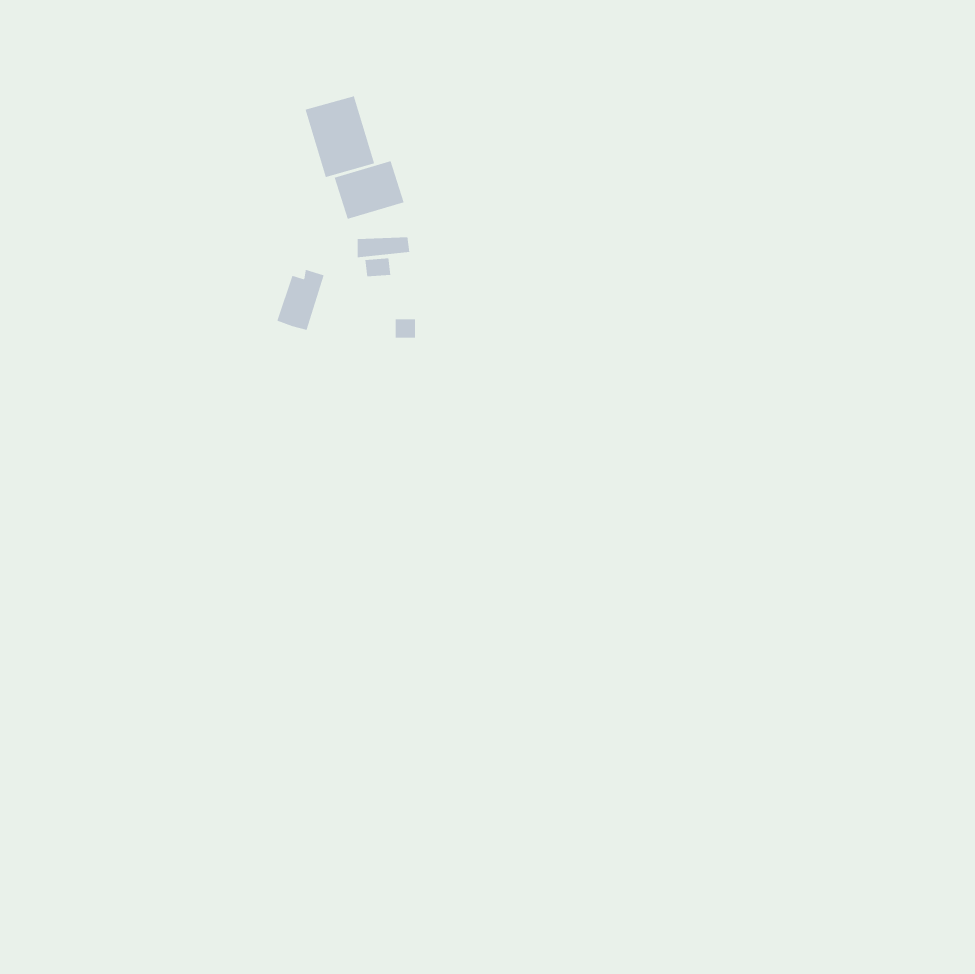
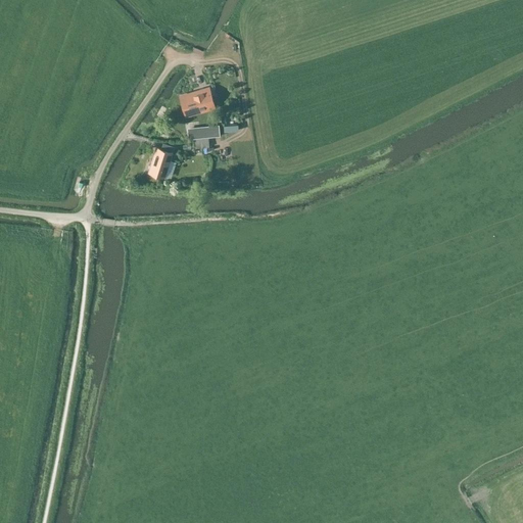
building: [305,95,375,178] -> none

